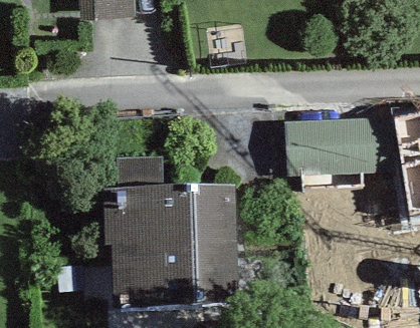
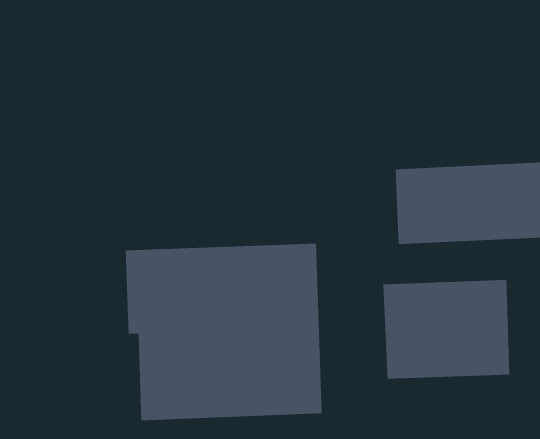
building: none -> [383,279,510,380]

